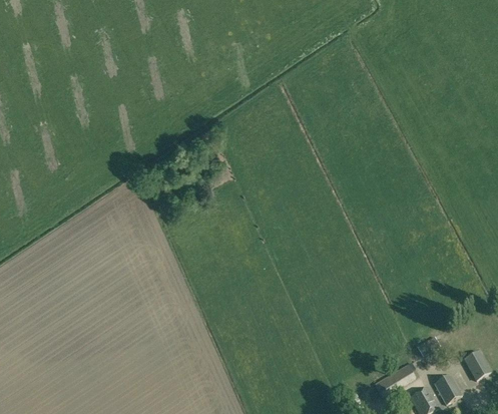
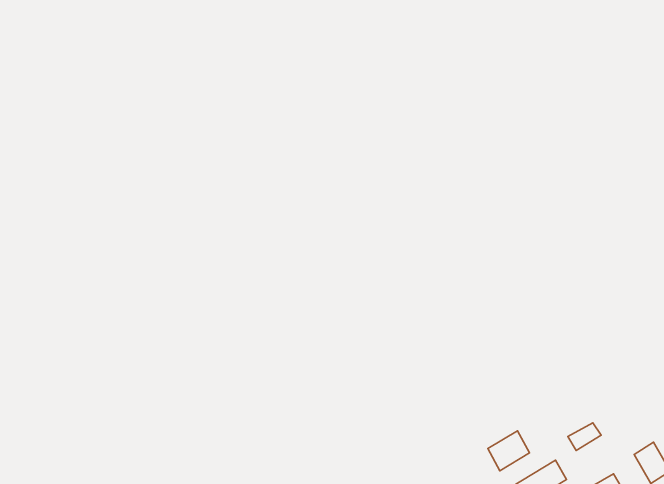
building: none -> [488,431,530,471]

